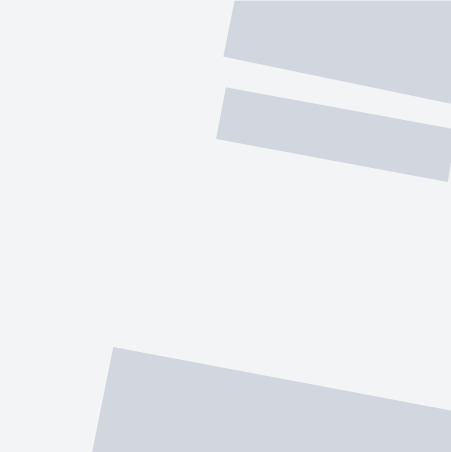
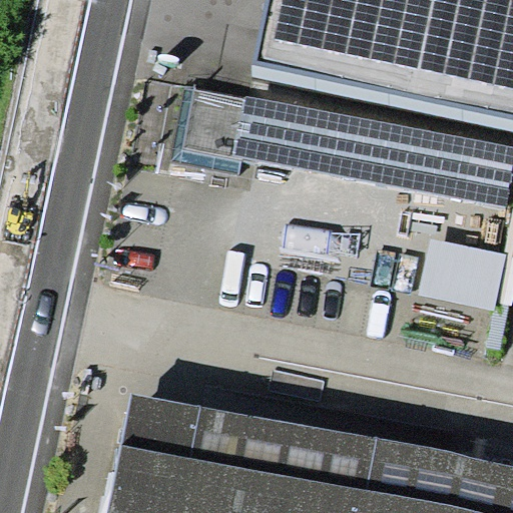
building: none -> [171,86,256,176]
building: none -> [422,239,508,310]

